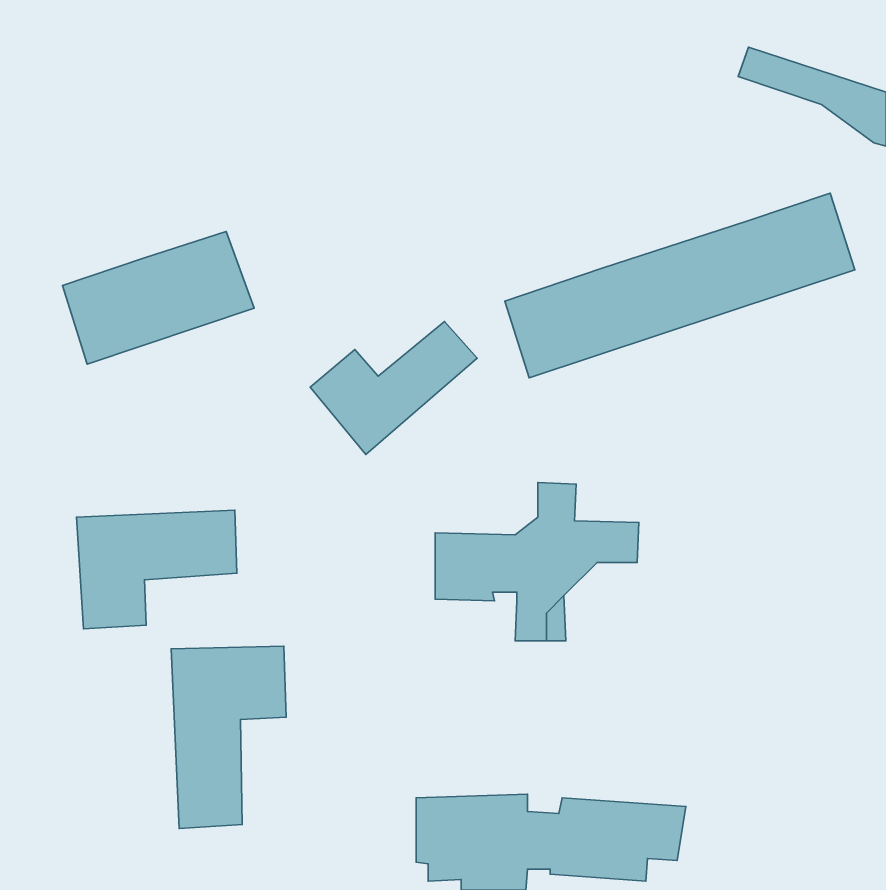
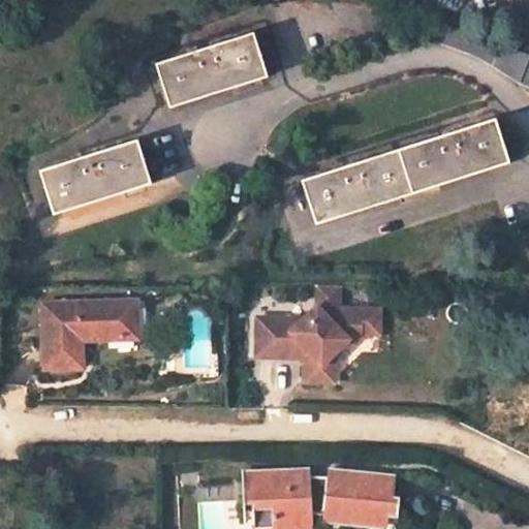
building: none -> [153,29,267,107]
building: [310,322,477,454] -> none
building: [171,646,286,828] -> none

